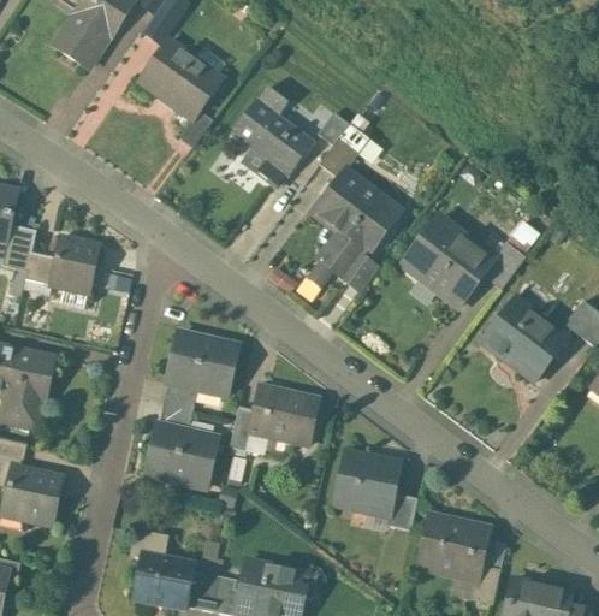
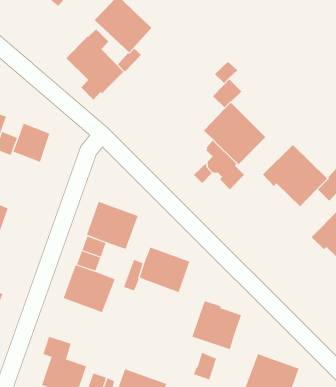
building: [230,87,314,188] -> [66,28,124,101]
building: [386,493,416,531] -> [193,352,217,380]

